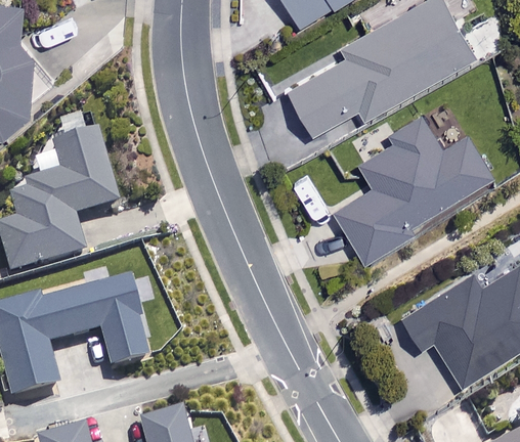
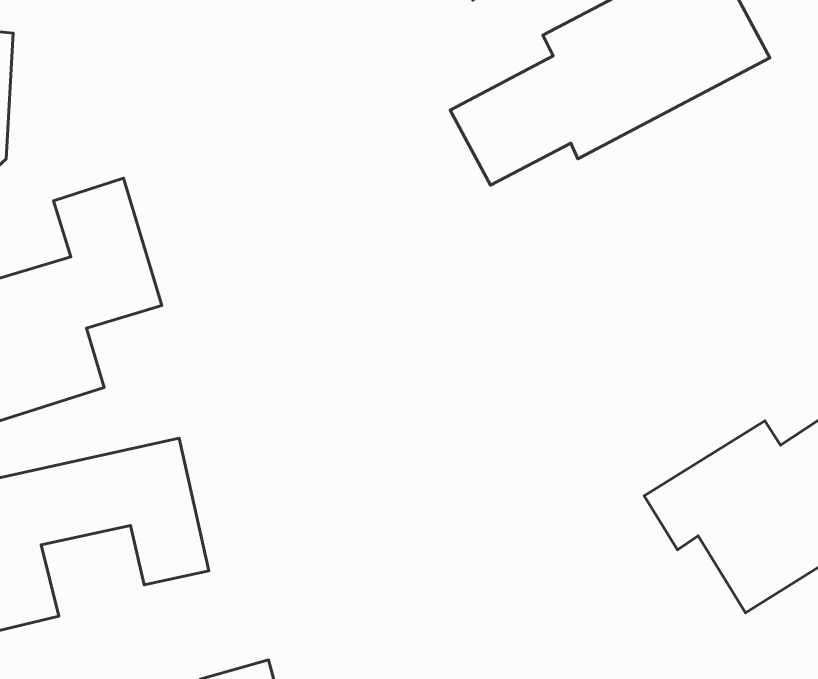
building: [334,113,491,259] -> none

